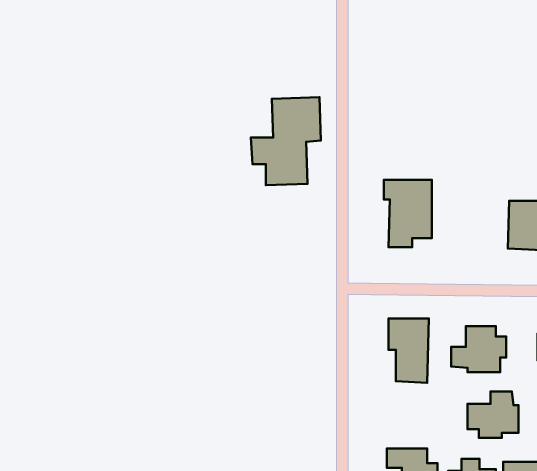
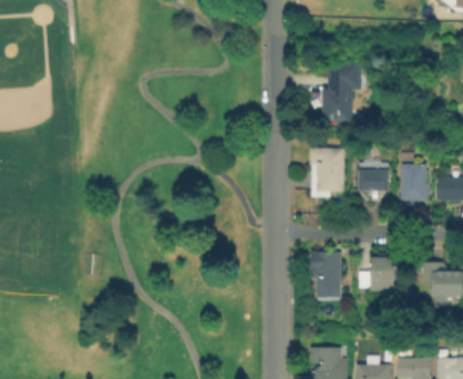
building: [251,97,321,185] -> [310,59,362,124]
building: none -> [356,161,389,196]
building: [467,391,518,438] -> none

